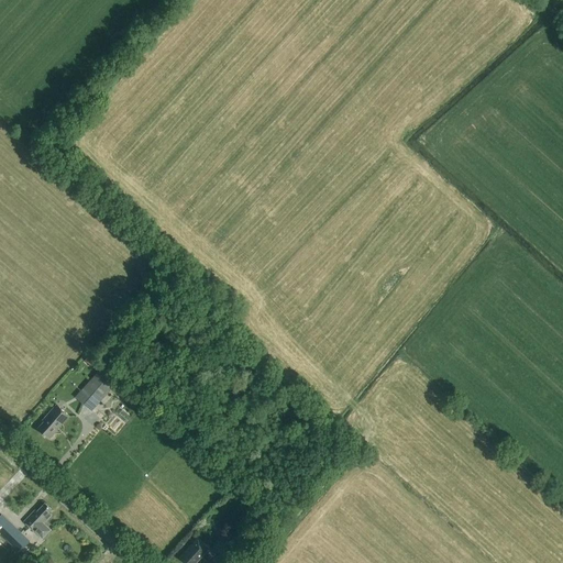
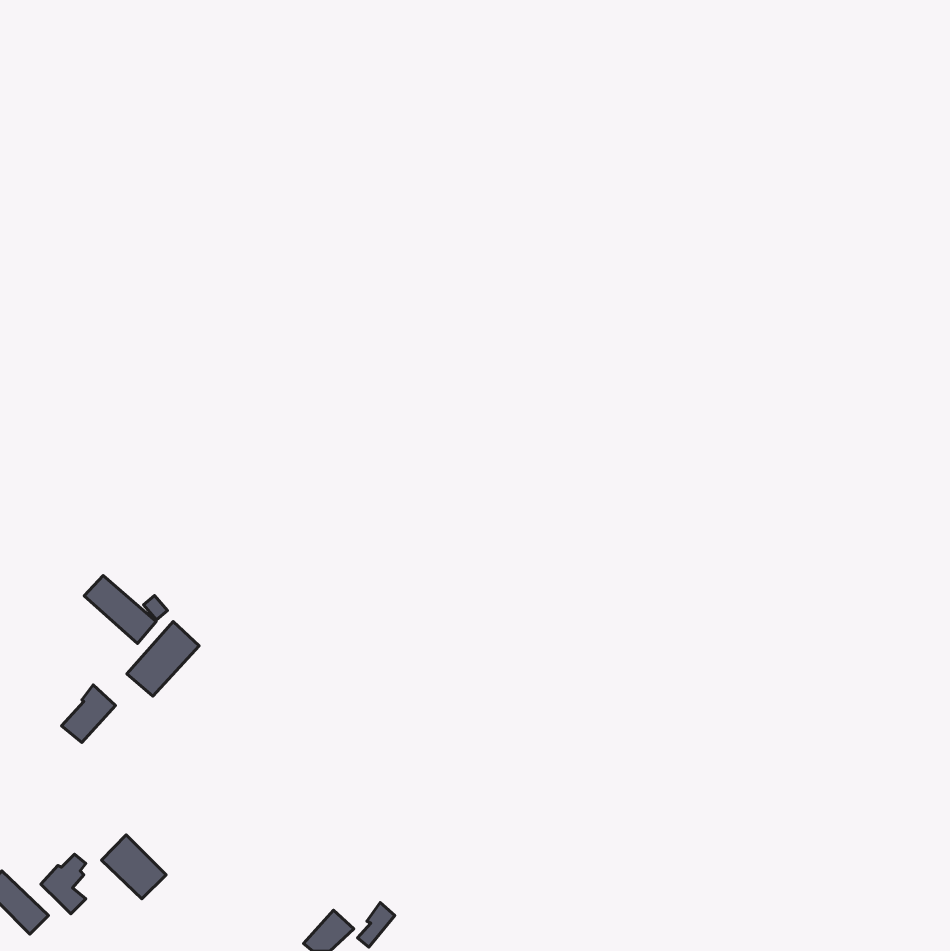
building: none -> [84,575,156,643]
building: none -> [101,835,166,899]

